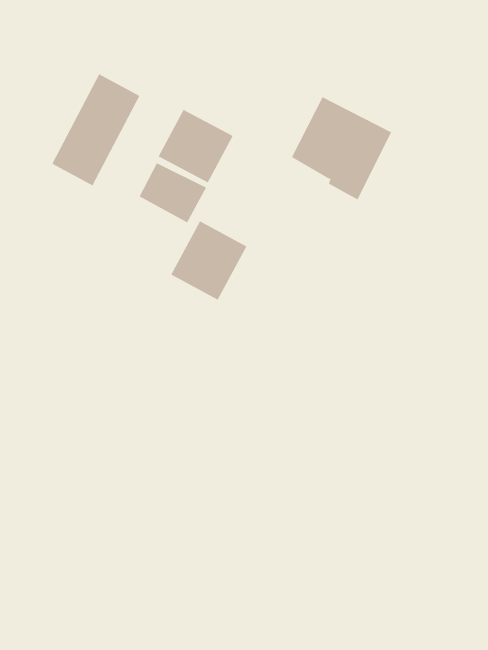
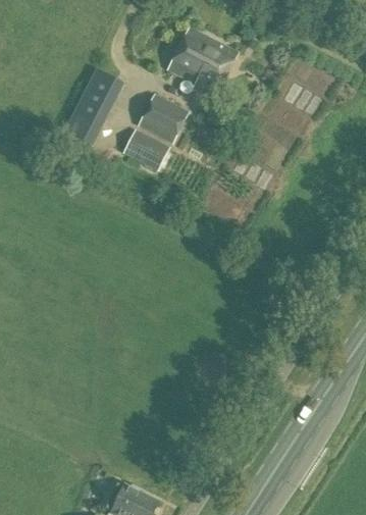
building: [291,96,392,200] -> [166,28,236,99]
building: [170,221,247,300] -> none

